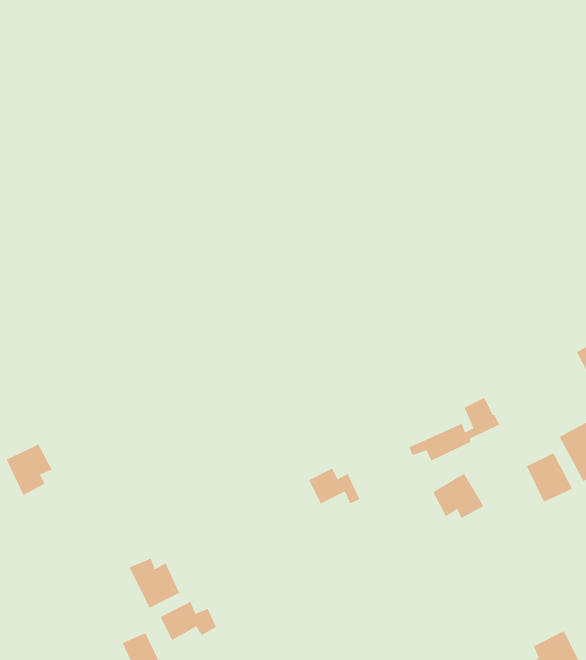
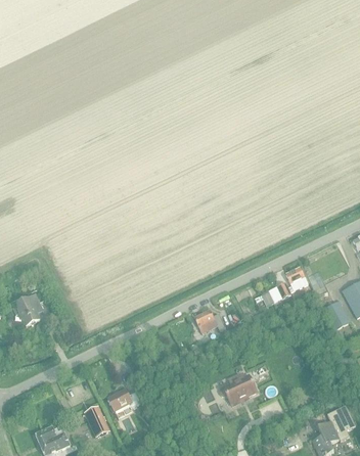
building: [432,473,484,519] -> none
building: [129,558,180,609] -> none
building: none -> [219,372,256,405]

